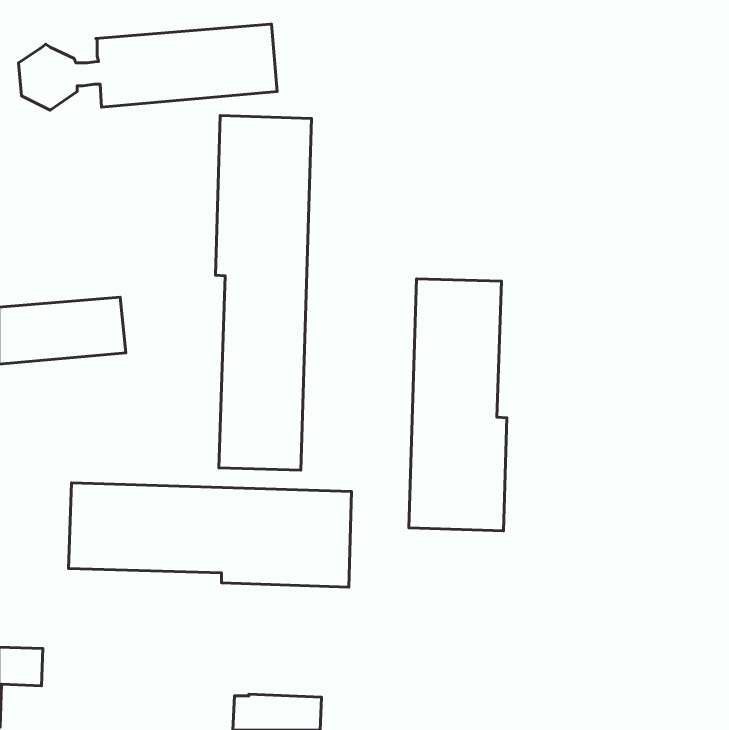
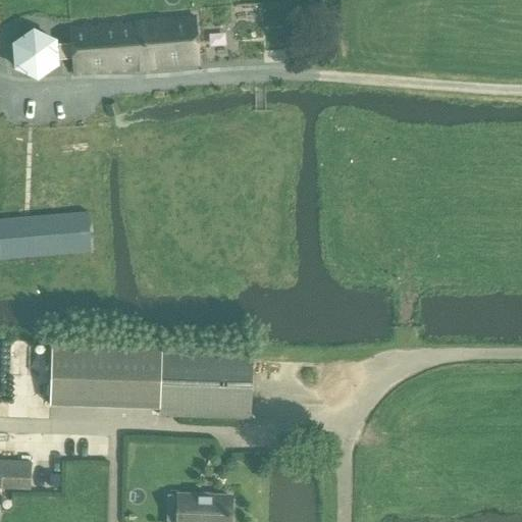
building: [216,116,312,470] -> none
building: [409,279,507,531] -> none

